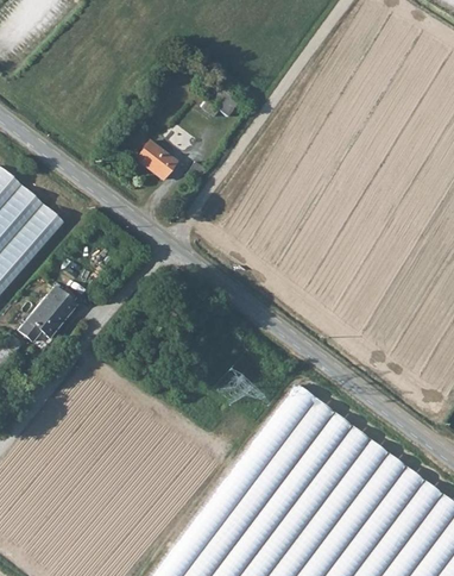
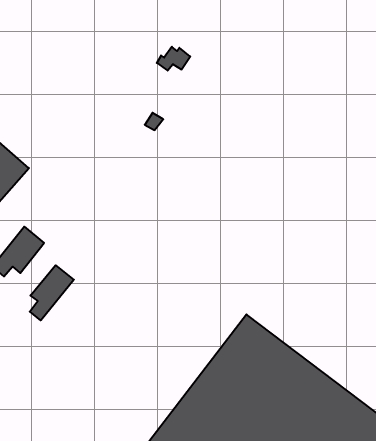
building: [139,144,177,181] -> none
building: none -> [30,265,74,320]

